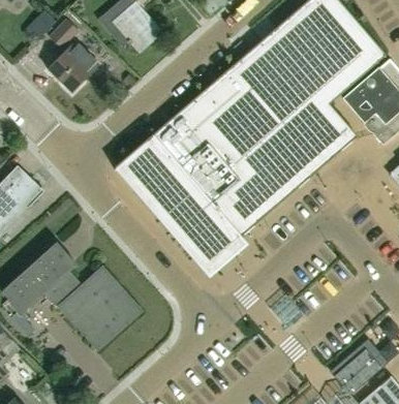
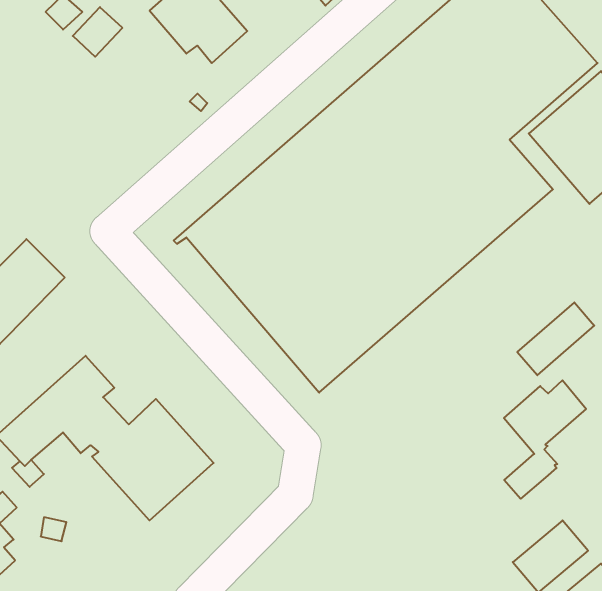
building: [49,39,101,93] -> none
building: none -> [517,302,594,375]
building: none -> [504,380,586,499]

